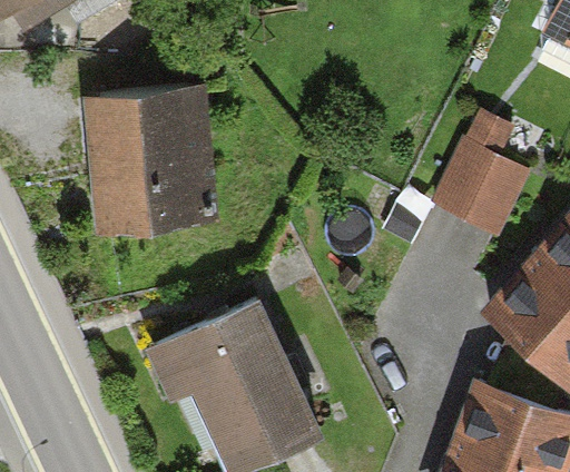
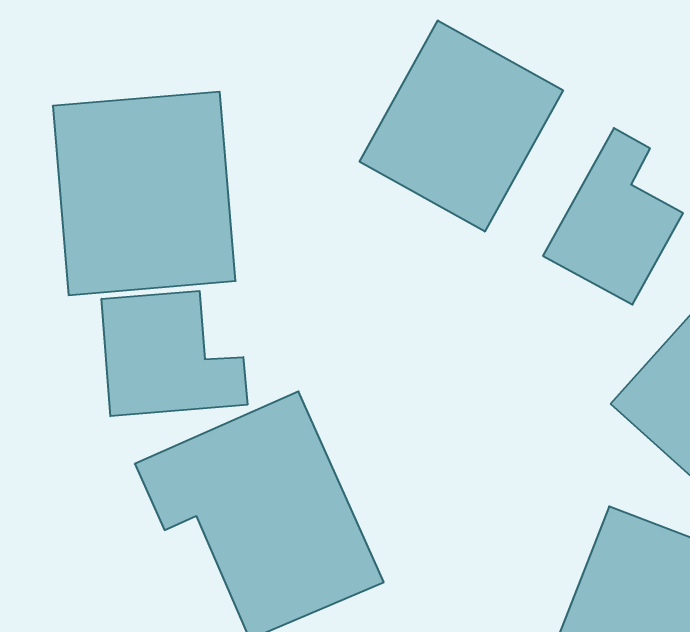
building: none -> [360,20,563,232]
building: none -> [102,291,247,416]

